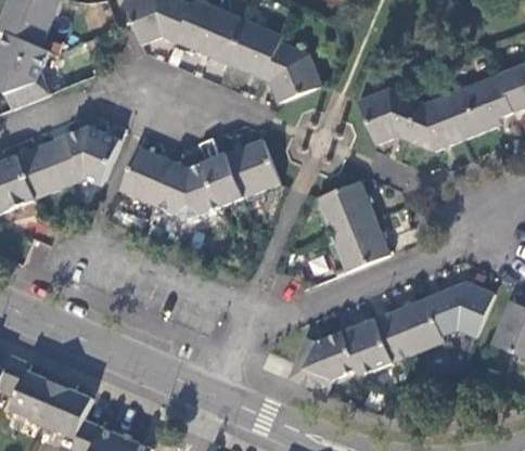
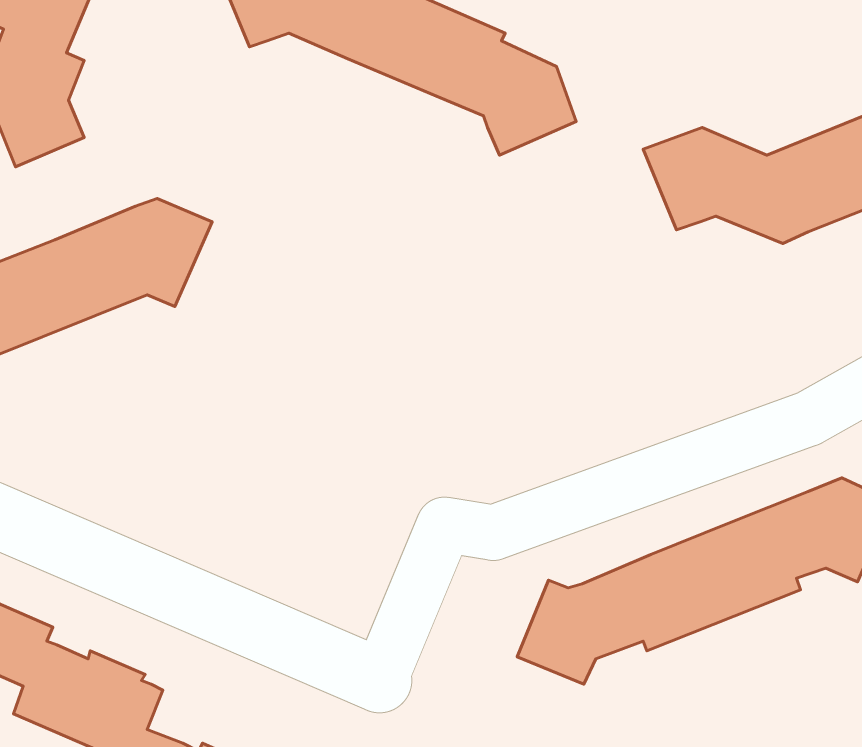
building: [118,139,281,220] -> none
building: [316,181,388,272] -> none

